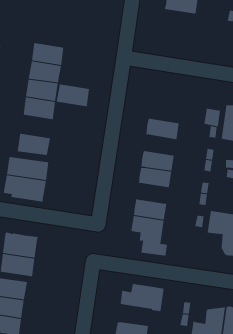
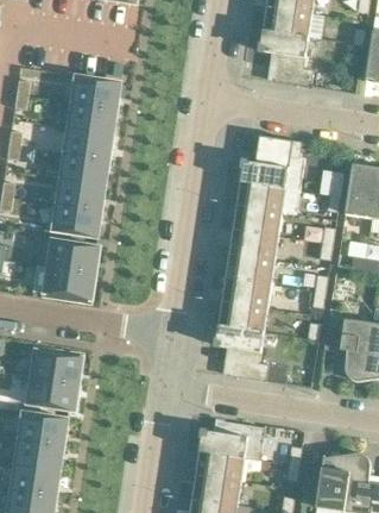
building: none -> [259,27,312,87]
building: [56,84,90,107] -> [56,179,105,212]
building: none -> [240,136,304,190]
building: none -> [233,207,282,237]
building: none -> [222,276,271,306]
building: none -> [196,450,245,481]

